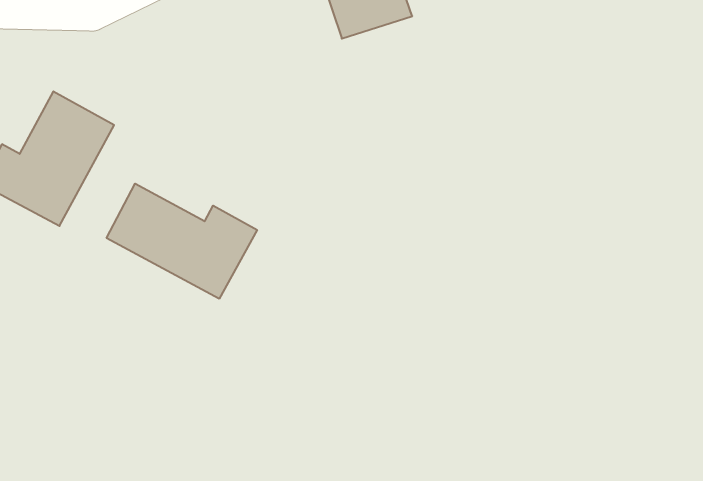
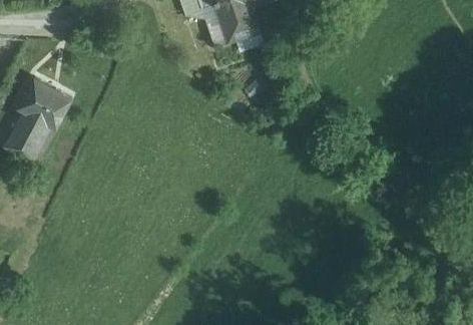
building: [107,184,257,299] -> none

